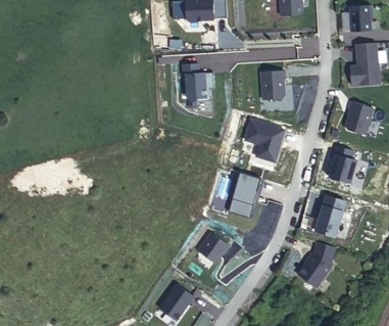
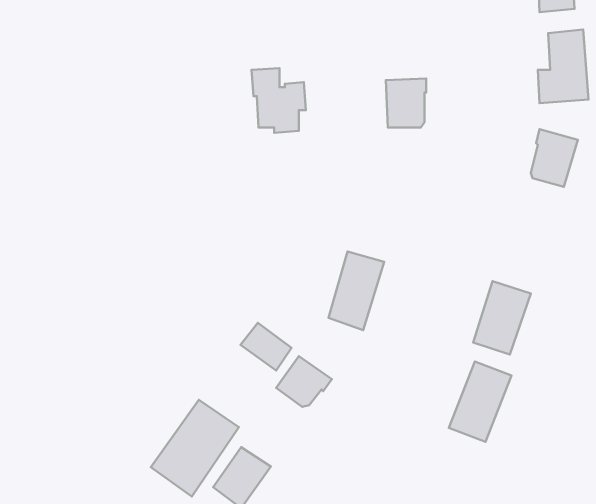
building: [243,118,284,160] -> none
building: [331,146,357,183] -> none
building: none -> [240,323,291,370]
building: none -> [151,400,239,496]

